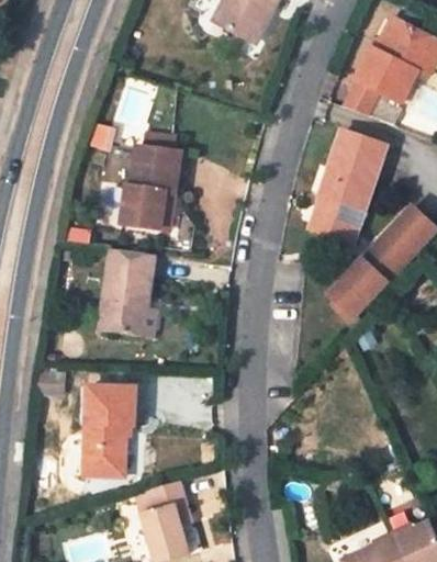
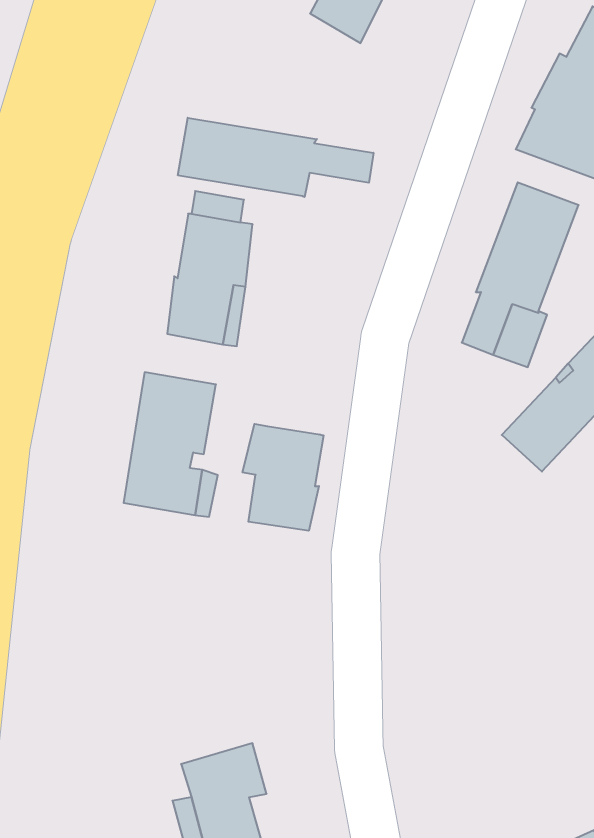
building: none -> [178,118,373,197]
building: none -> [243,424,324,531]
building: [85,387,138,477] -> none

